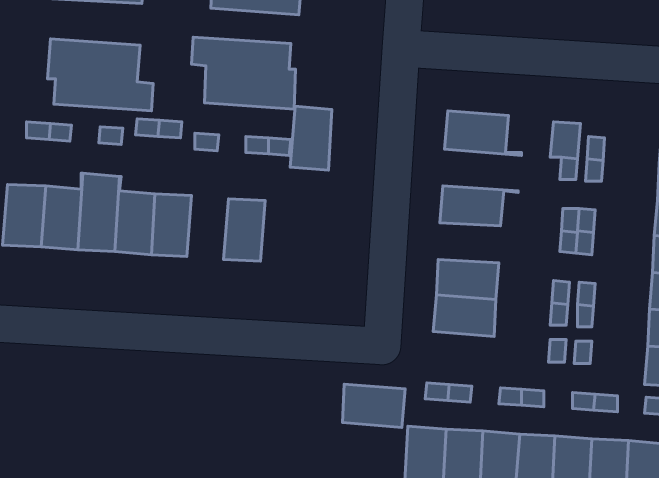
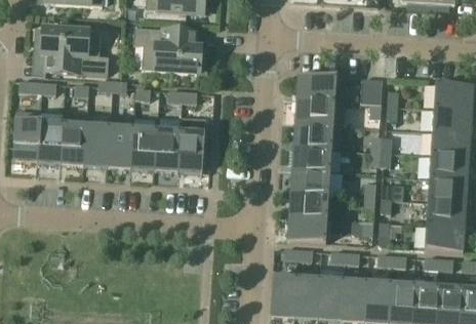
building: [290,106,332,170] -> [177,131,204,172]
building: none -> [294,98,345,125]
building: none -> [130,128,157,169]
building: none -> [291,146,331,171]
building: [343,384,405,427] -> [287,215,327,243]

